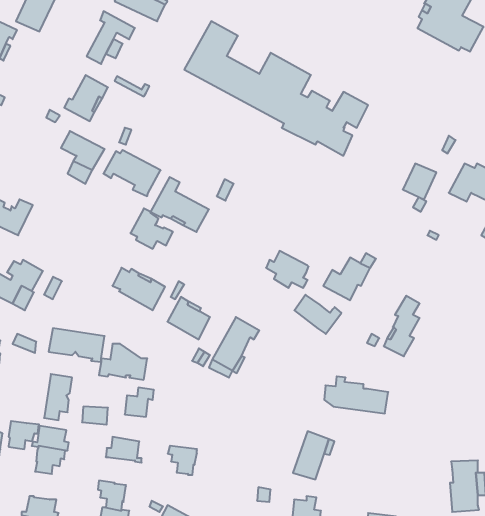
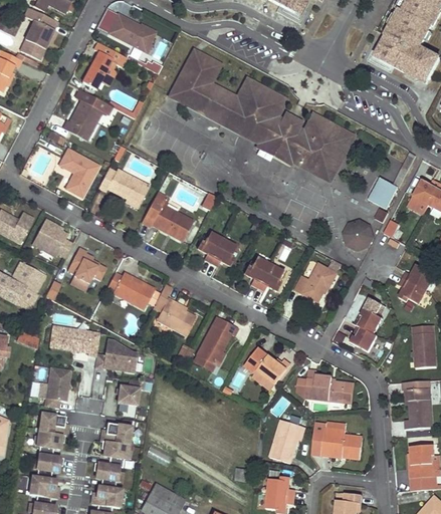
building: none -> [313,126,352,180]
building: none -> [31,219,72,259]
building: [130,208,173,249] -> [68,248,106,284]
building: none -> [345,220,374,250]
building: none -> [197,232,236,265]
building: none -> [399,264,432,303]
building: [294,295,341,334] -> [247,348,289,383]
building: none -> [412,325,436,367]
building: none -> [405,389,432,429]
building: [9,421,39,449] -> [36,455,63,480]
building: none -> [310,423,362,459]
building: [168,446,197,475] -> [100,442,127,468]

